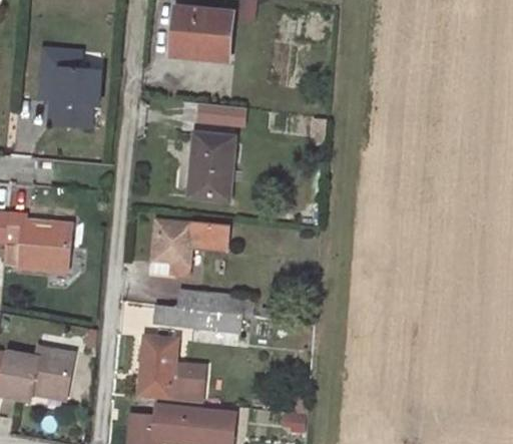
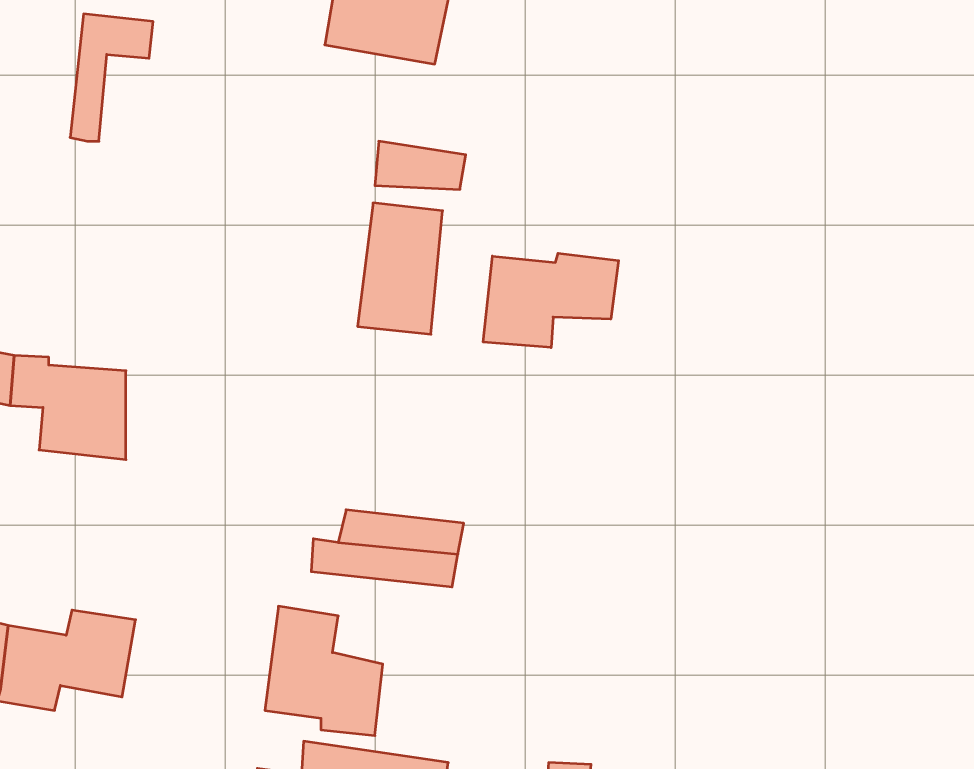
building: [45,56,100,125] -> none
building: none -> [483,253,619,348]
building: [152,223,224,280] -> none

